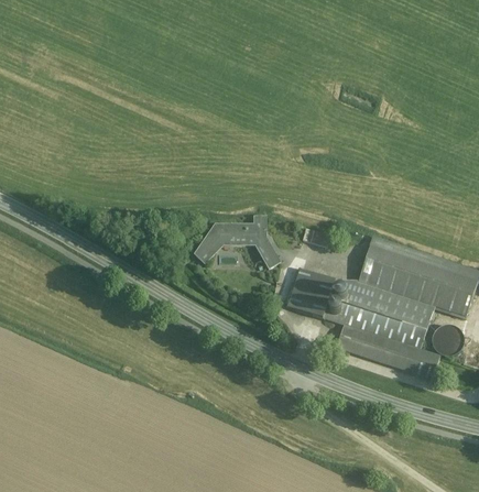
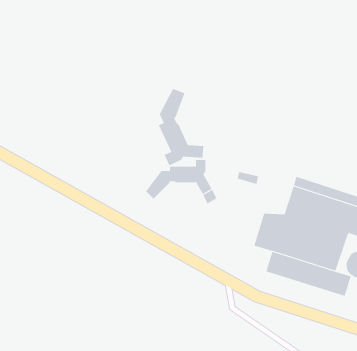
building: none -> [158,88,204,166]
building: [287,269,334,318] -> none

